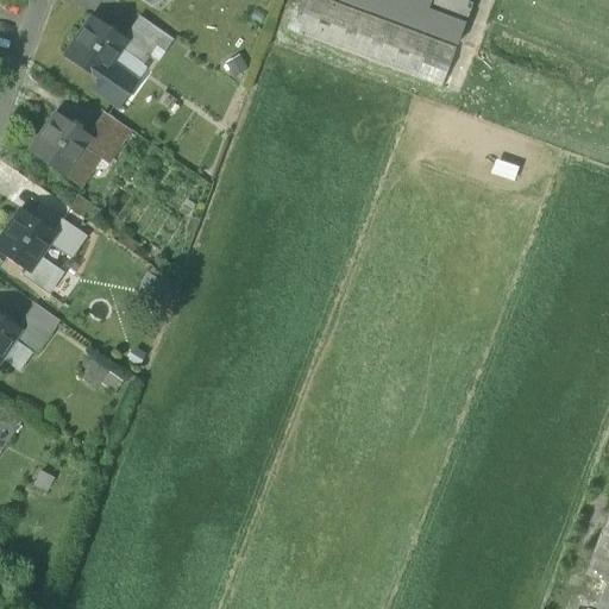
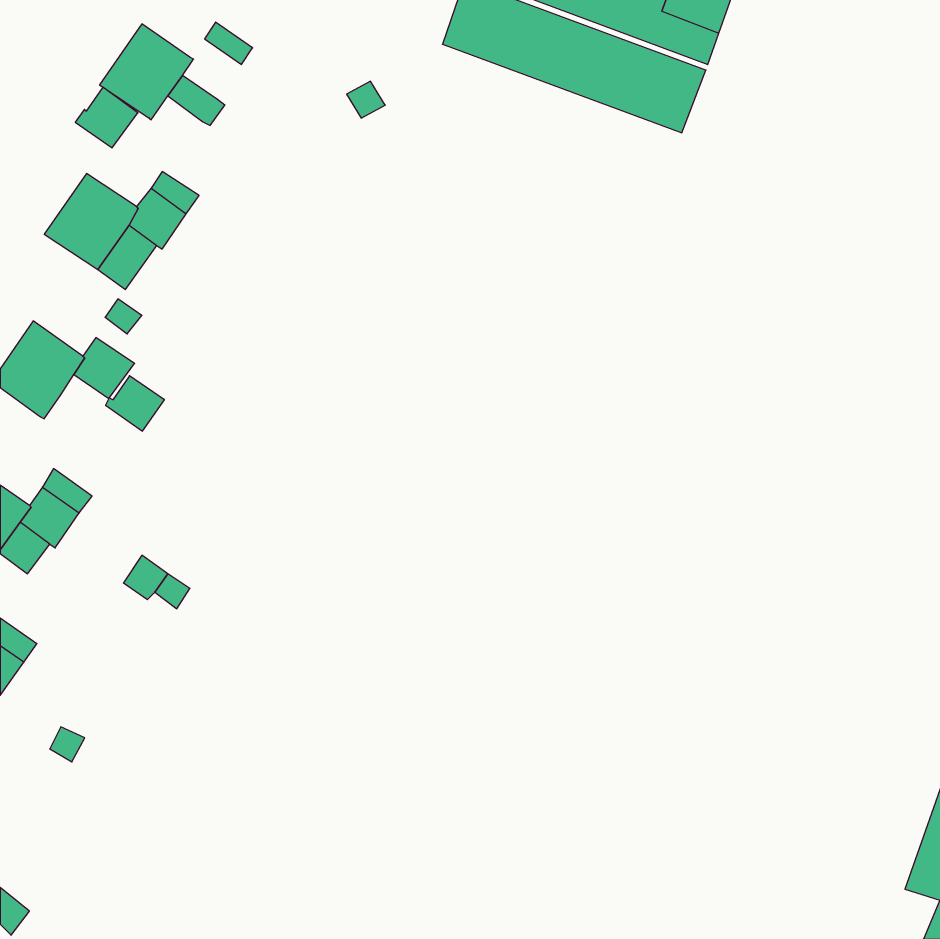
building: [119,25,157,64] -> none
building: [92,62,132,101] -> [75,87,138,148]
building: [25,255,63,290] -> [106,376,164,431]

